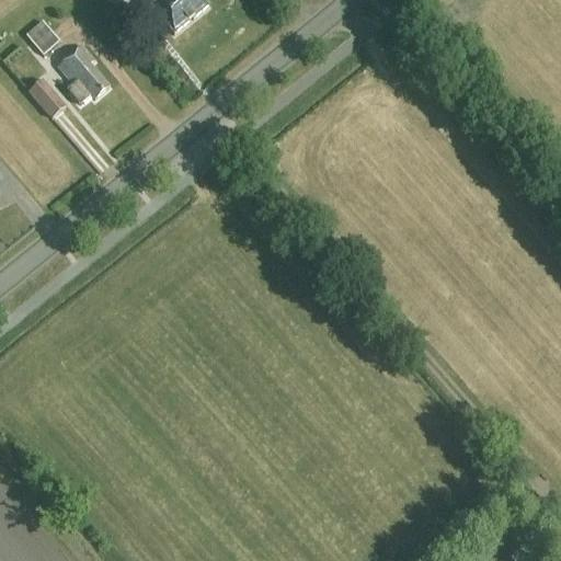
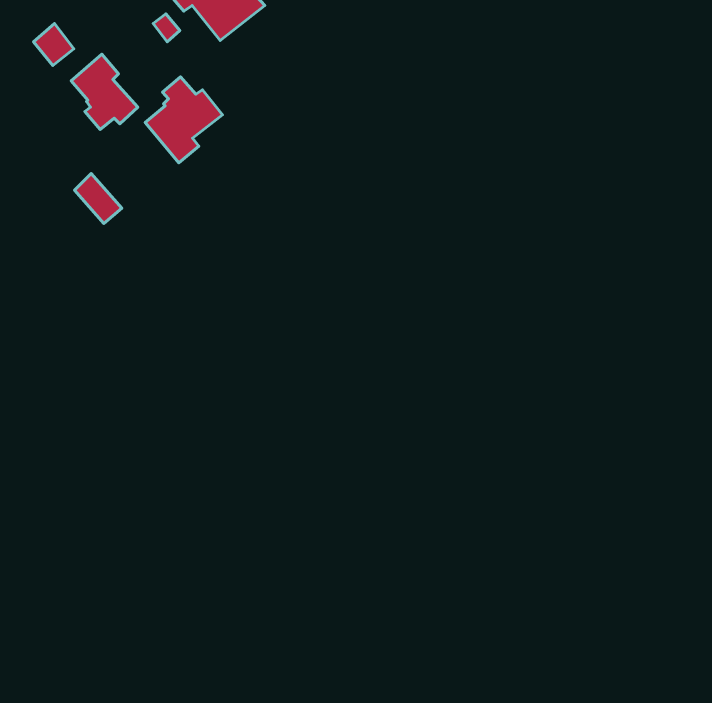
building: none -> [145,77,222,163]
building: [28,78,66,117] -> [75,173,122,224]

